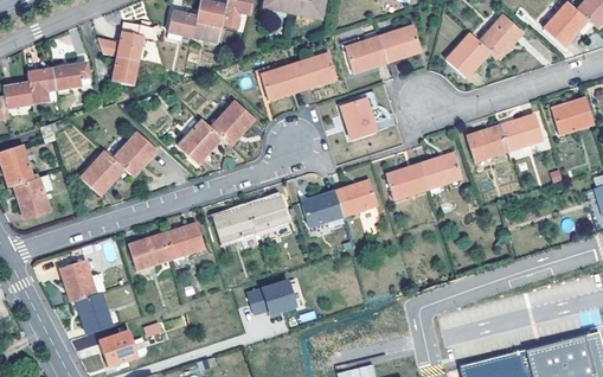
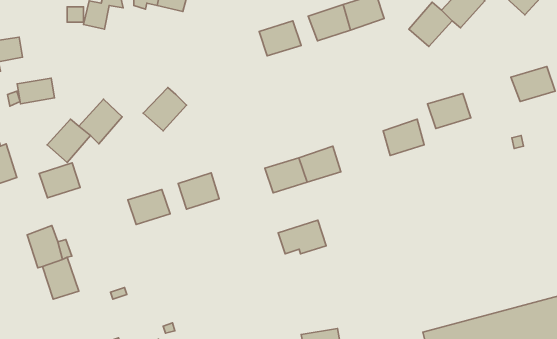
building: [113,56,139,85] -> none
building: [52,63,90,89] -> [17,78,55,104]
building: [261,63,303,100] -> none
building: [341,97,378,139] -> none
building: [211,101,255,146] -> none
building: [501,114,544,151] -> none
building: [386,164,428,199] -> none
building: [246,196,290,232] -> none
building: [129,234,171,269] -> [39,163,80,198]
building: [248,280,296,314] -> [278,220,326,254]
building: [101,331,147,366] -> none

